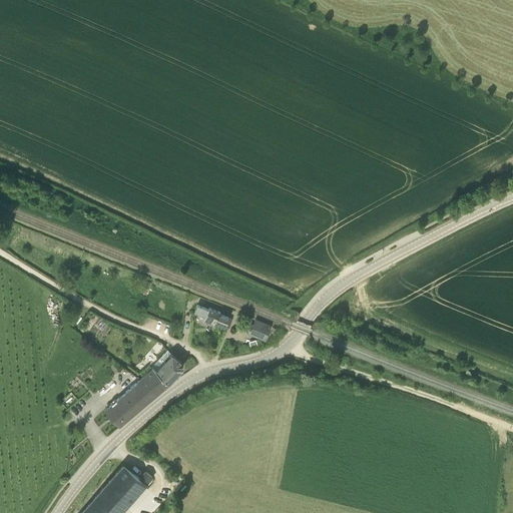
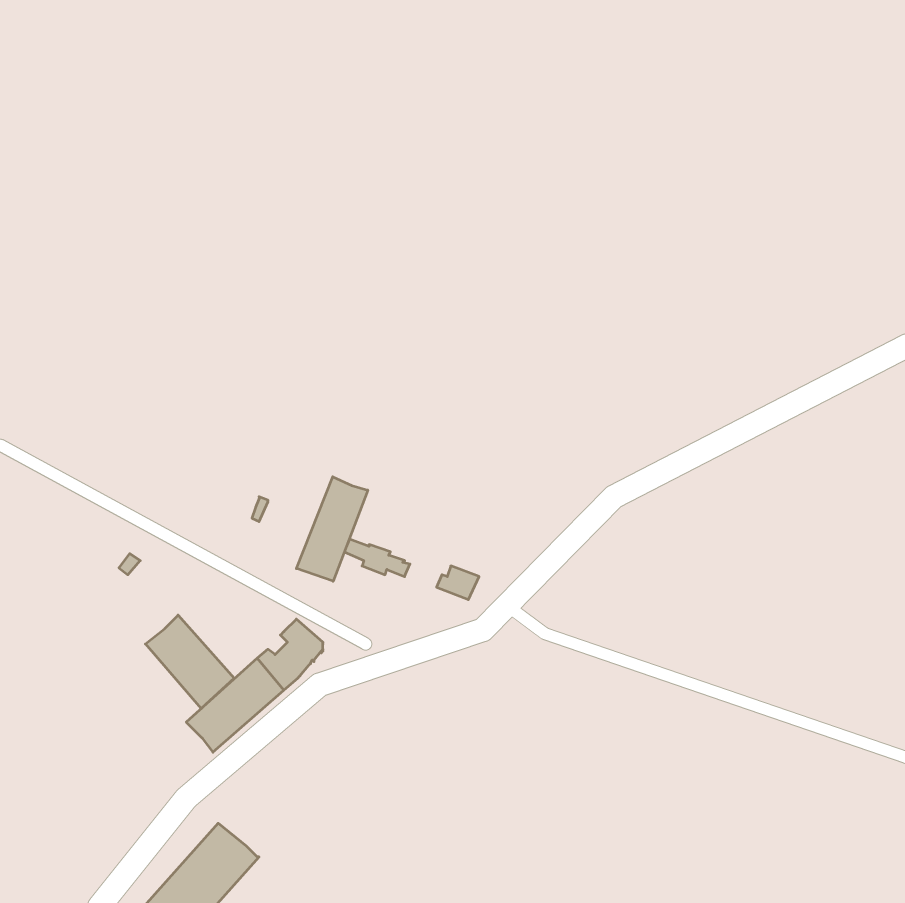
building: none -> [296,477,368,581]
building: none -> [145,615,234,709]

